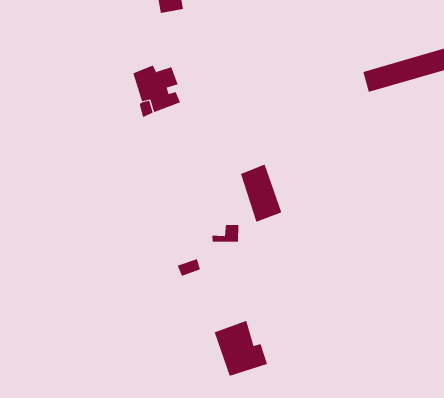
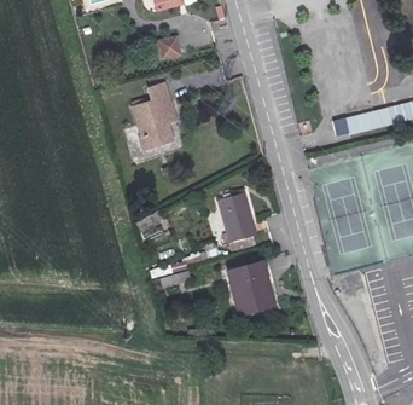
building: [214,320,268,377] -> [232,265,277,312]

